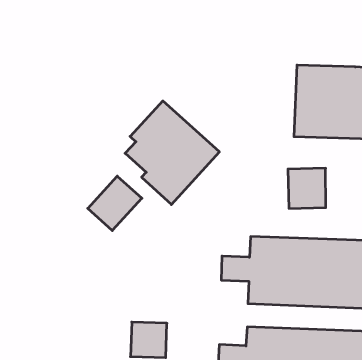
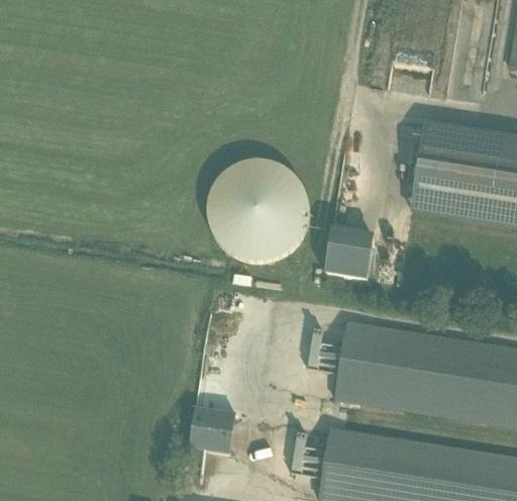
building: [288,168,326,208] -> [325,228,374,279]
building: [88,176,142,231] -> none

